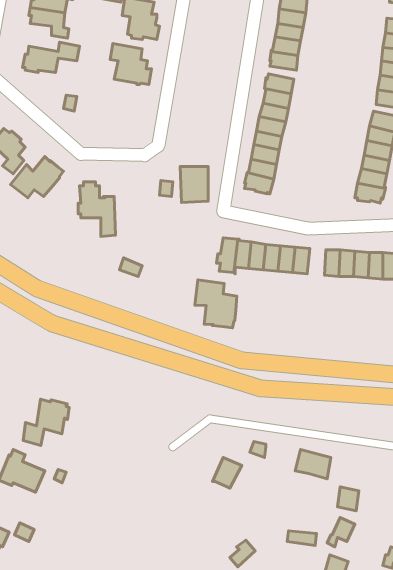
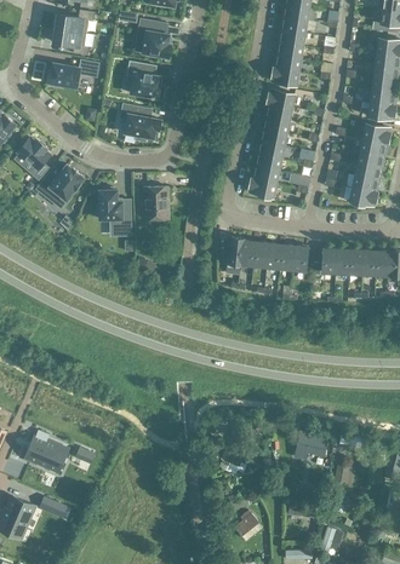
building: none -> [120,103,162,142]
building: [180,166,208,202] -> [143,186,168,219]
building: [195,280,237,328] -> none
building: [23,399,69,445] -> none

